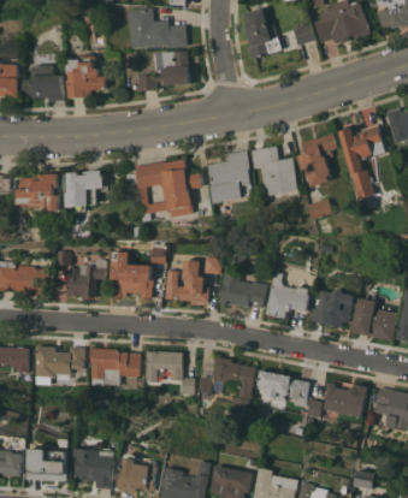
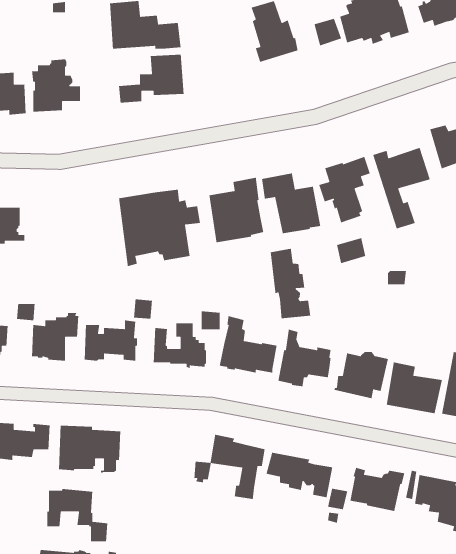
building: [67,171,106,213] -> none
building: none -> [270,248,311,319]
building: [143,351,193,395] -> [47,488,108,542]

